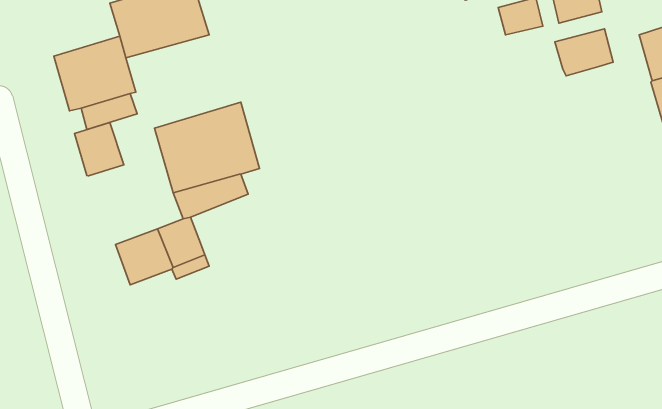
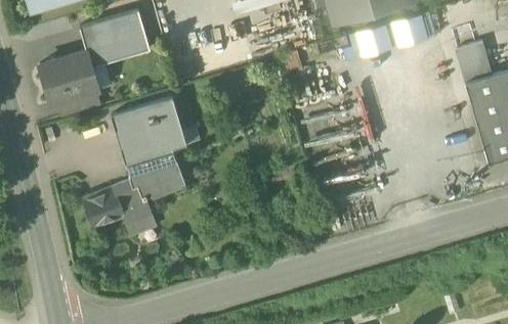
building: [555,29,613,76] -> none
building: [75,122,124,176] -> none
building: none -> [137,163,185,197]

